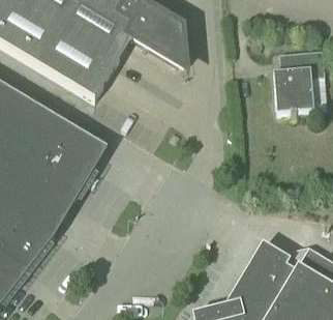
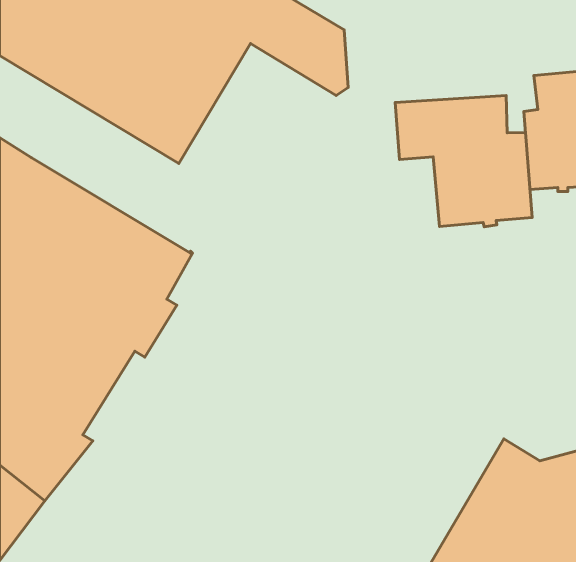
building: none -> [395,96,532,227]

